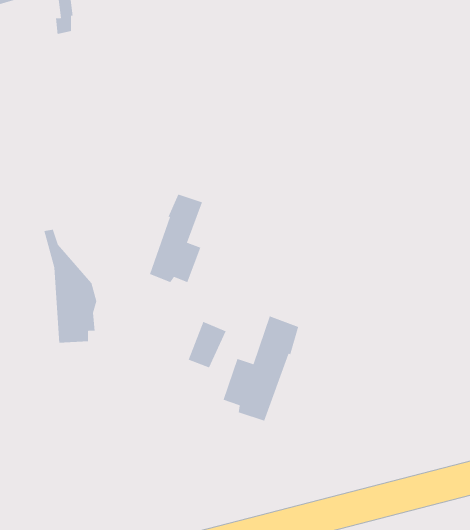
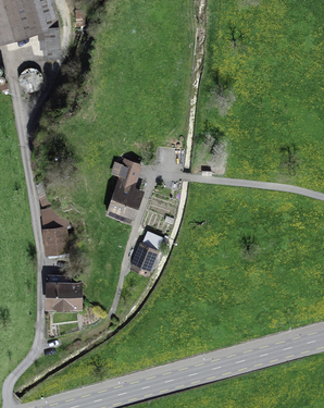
building: [223,315,299,422] -> none
building: none -> [47,284,79,307]

